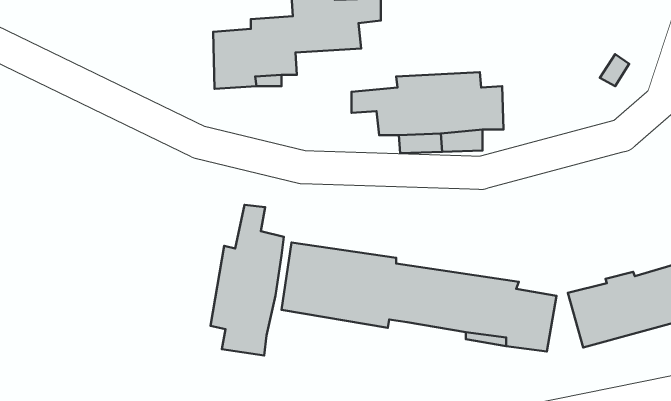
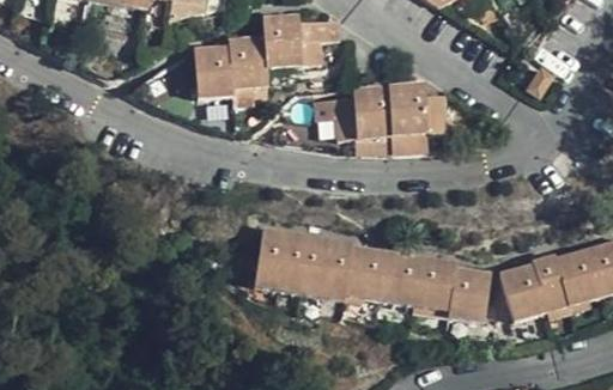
building: [211,205,284,356] -> none

